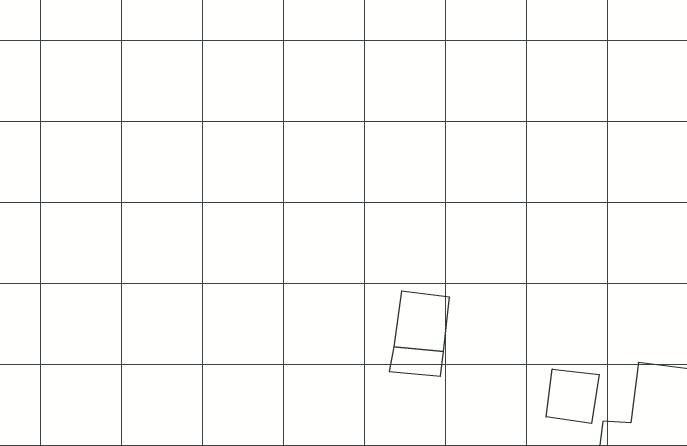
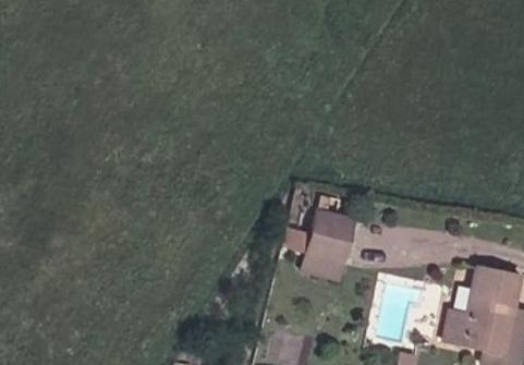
building: [546,369,599,423] -> none

